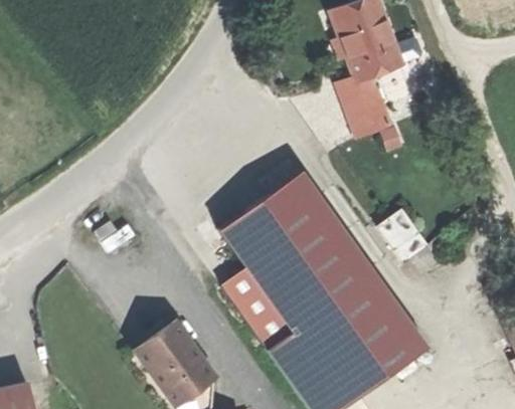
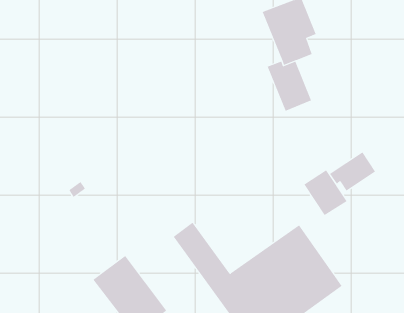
building: [219,171,375,333] -> none
building: none -> [329,152,376,191]

